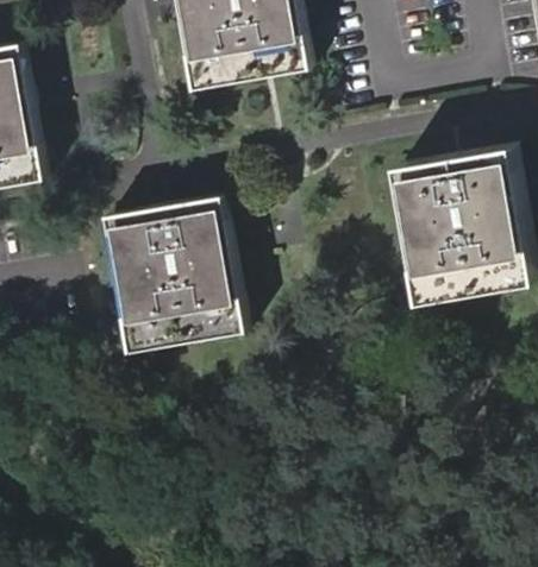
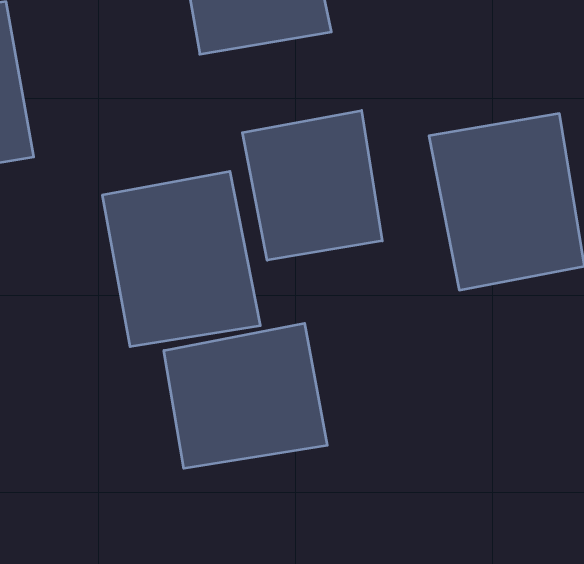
building: none -> [242,110,382,260]
building: none -> [164,323,327,468]

